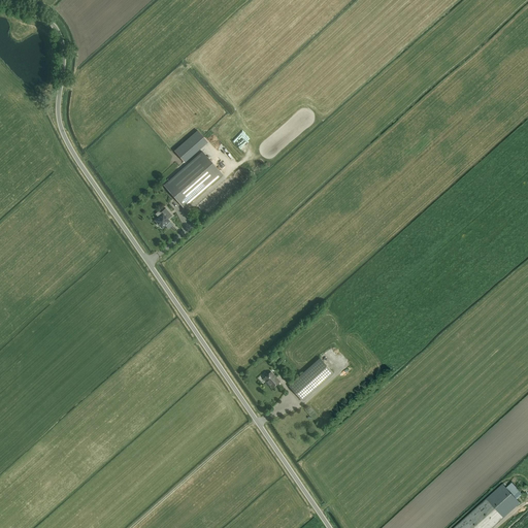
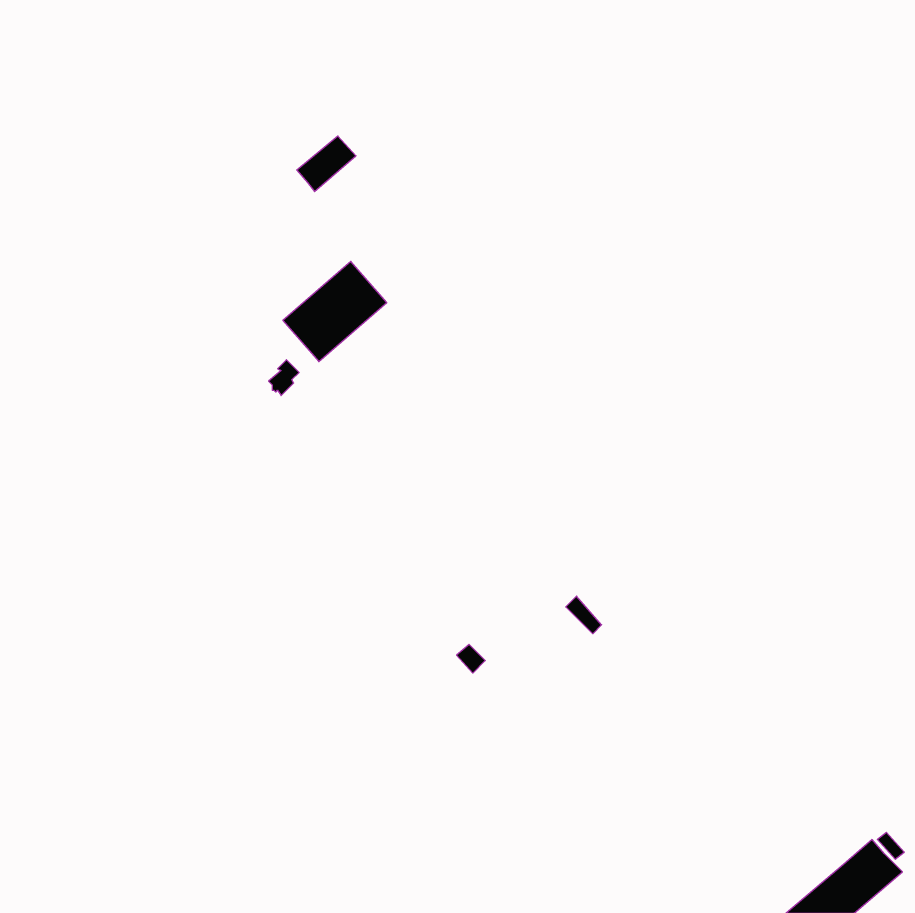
building: [174,130,208,162] -> [297,136,356,192]
building: [289,357,333,400] -> none

